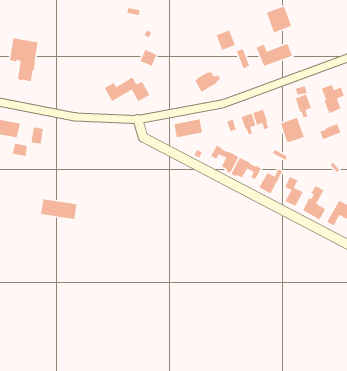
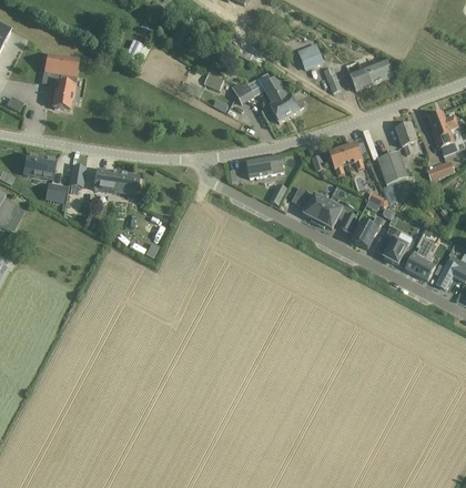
building: [266,5,292,34] -> none
building: [104,76,150,102] -> [231,72,288,104]
building: [40,198,78,220] -> [93,169,140,195]

